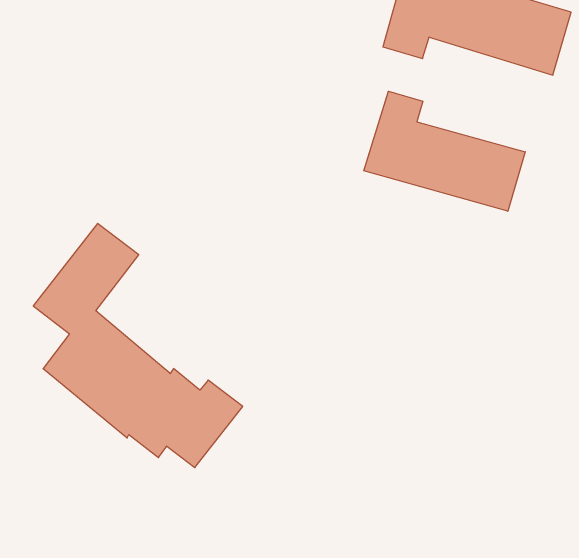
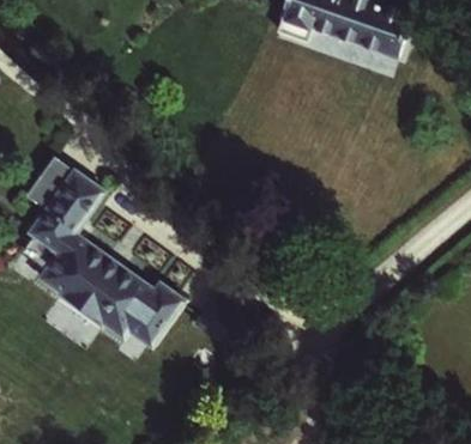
building: [364,91,525,211] -> none

